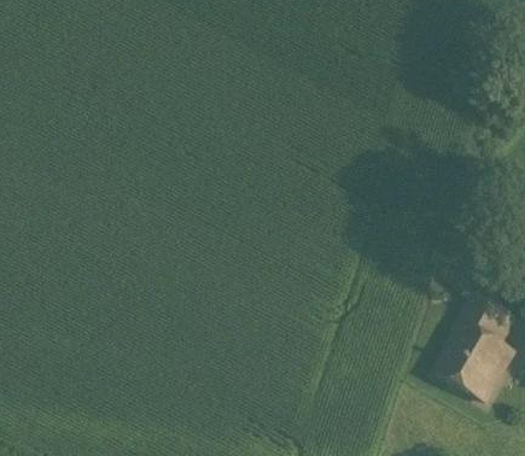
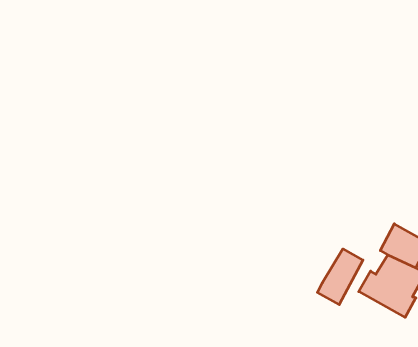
building: none -> [317,249,363,305]

